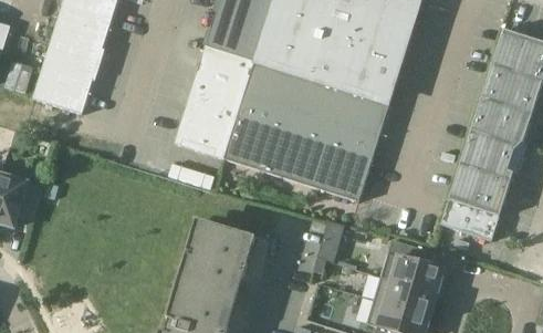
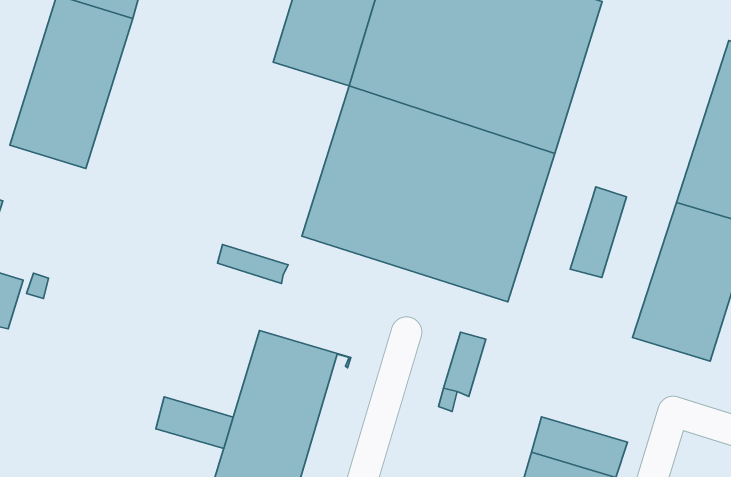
building: [175,44,255,158] -> none
building: none -> [570,187,627,278]
building: [393,242,445,293] -> none
building: none -> [156,397,233,448]

